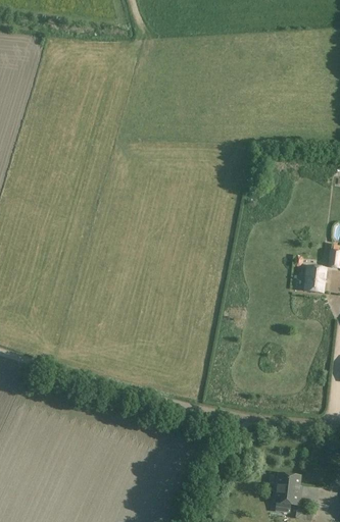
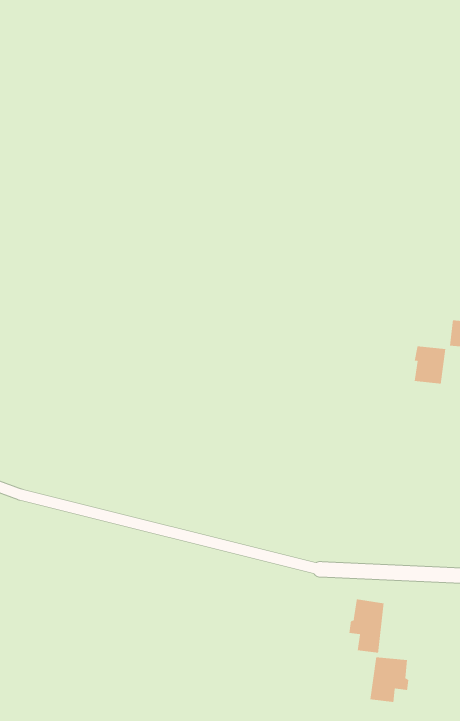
building: none -> [349,598,384,654]

